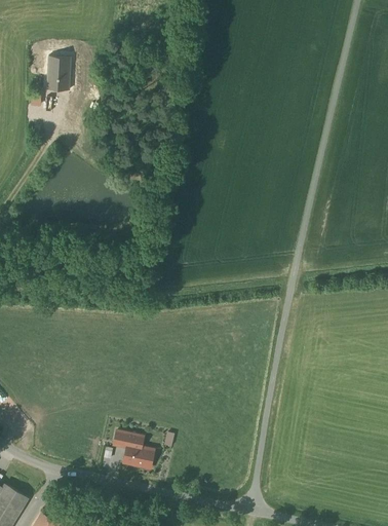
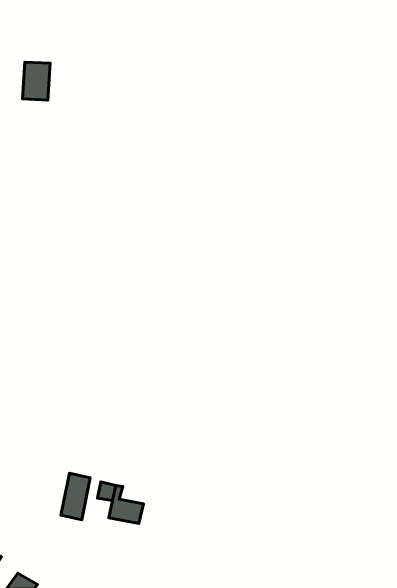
building: none -> [61,473,90,520]

